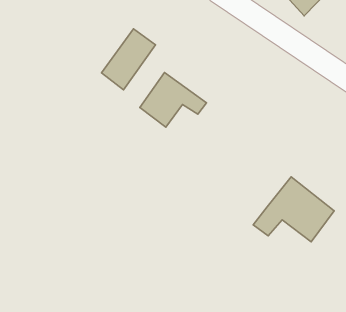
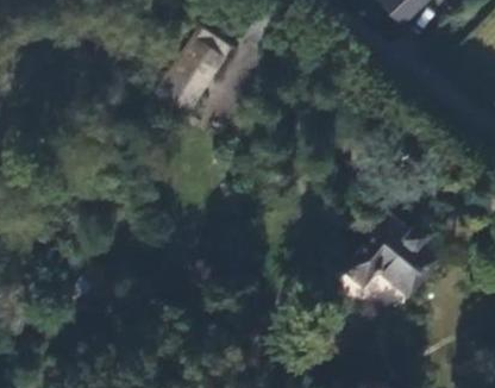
building: [140,73,207,127] -> none

